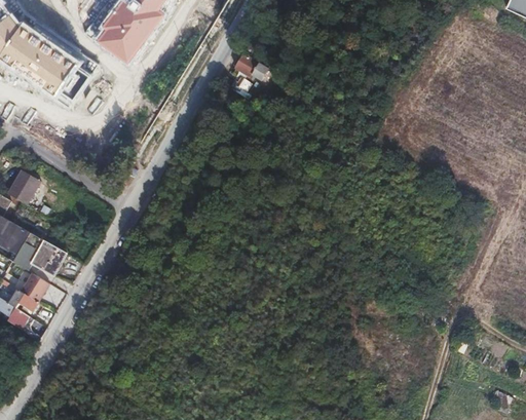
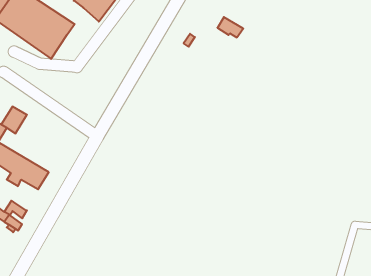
building: [235,53,268,79] -> [217,17,243,37]
building: [22,274,48,302] -> none

